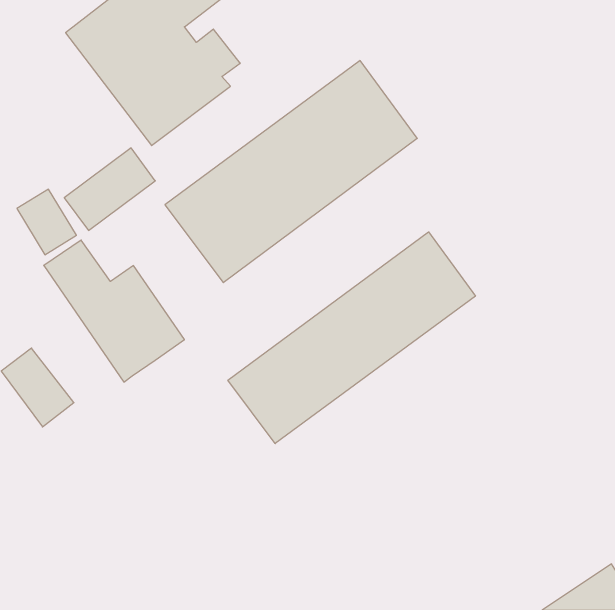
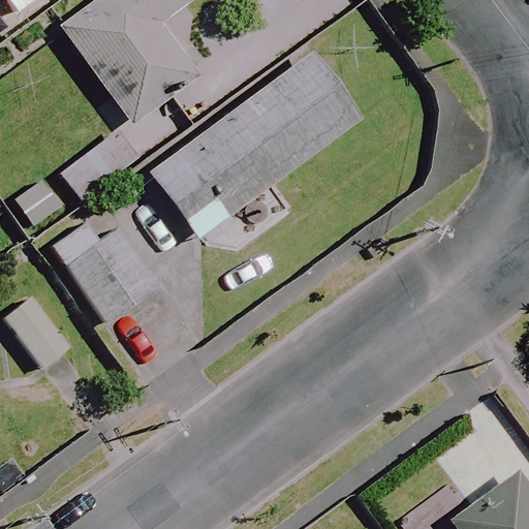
building: [228,232,475,444] -> none

